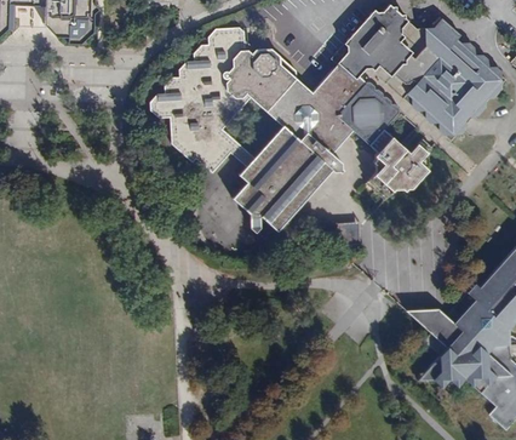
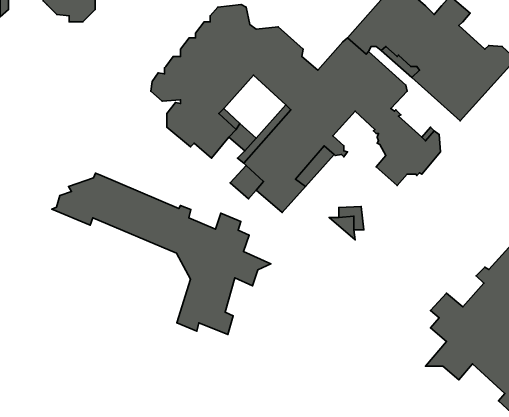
building: none -> [52,173,271,334]

